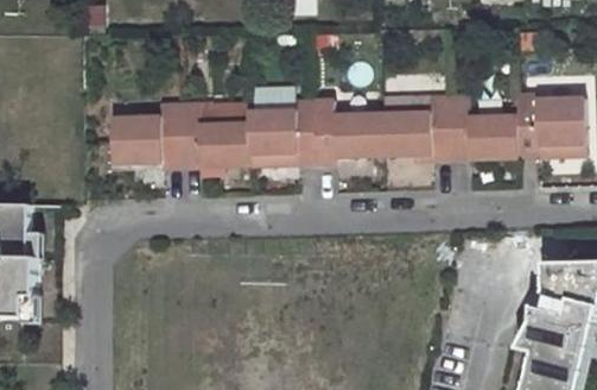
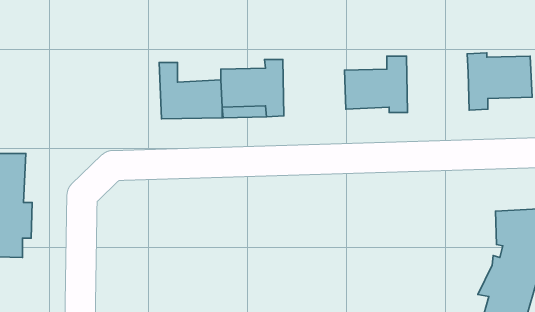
building: [447,96,516,159] -> none
building: [312,101,381,163] -> none
building: [109,105,179,168] -> none

